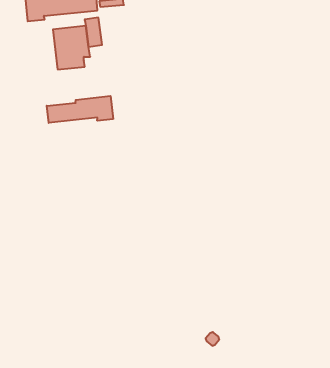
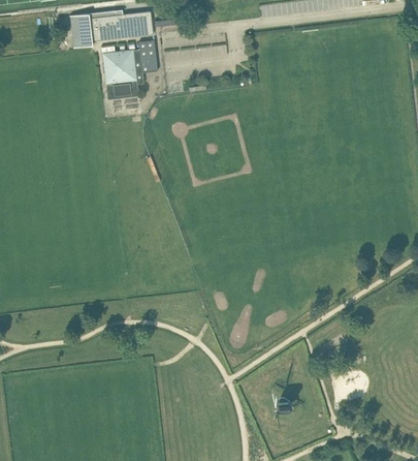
building: [47,96,113,123] -> none

